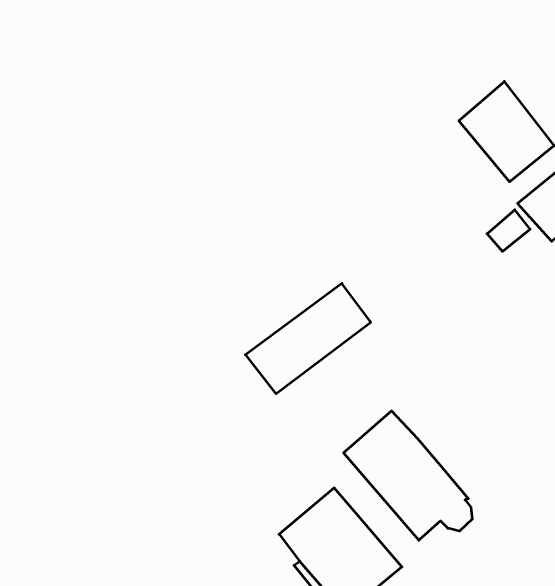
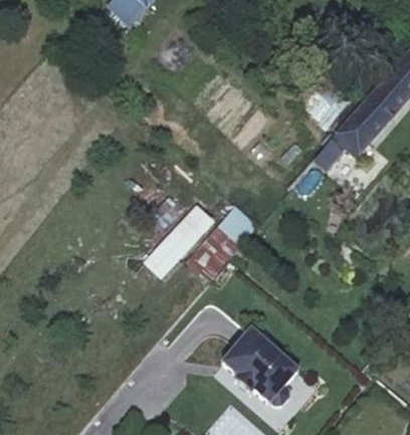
building: none -> [142,203,216,278]
building: [344,411,472,540] -> none

